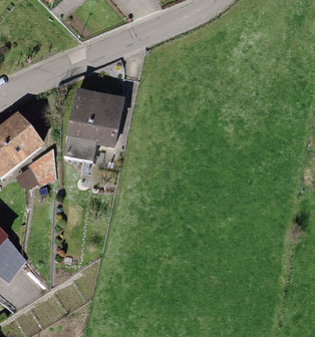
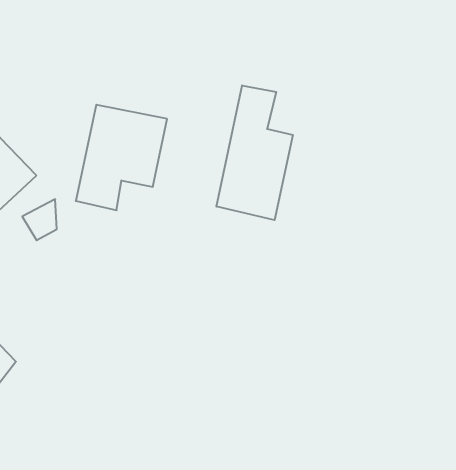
building: none -> [216,85,293,220]

